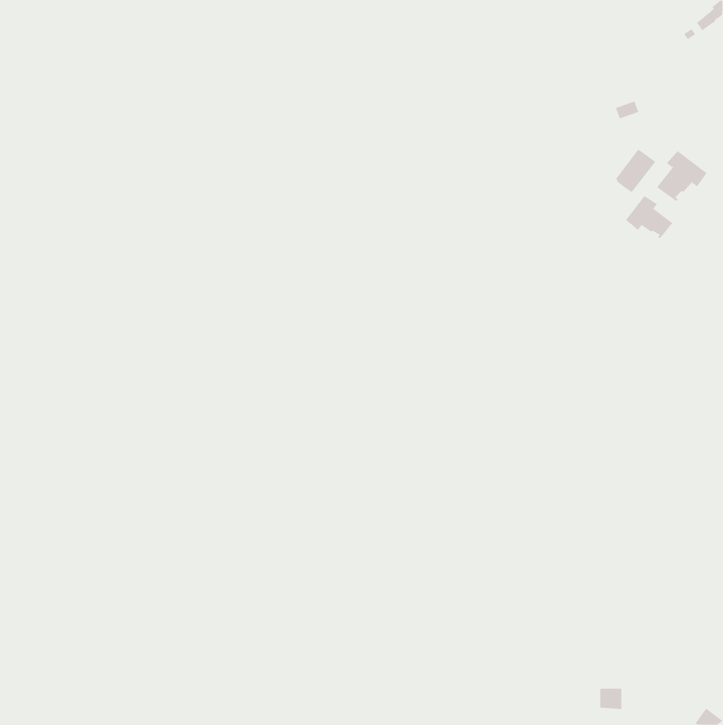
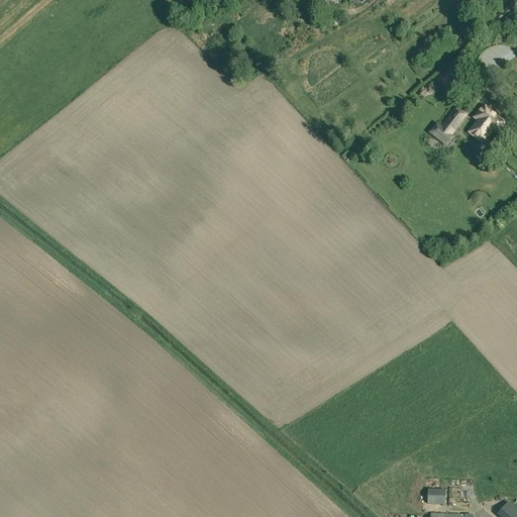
building: [625,195,673,239] -> none

